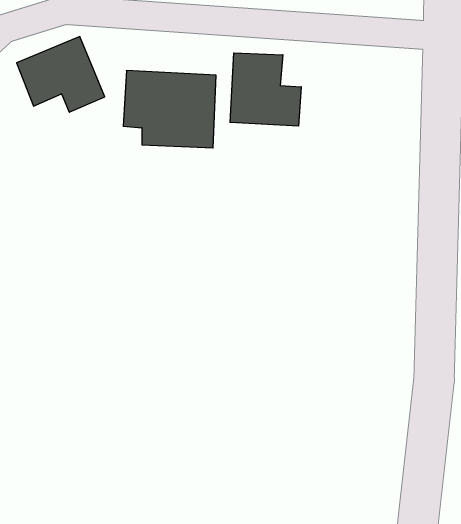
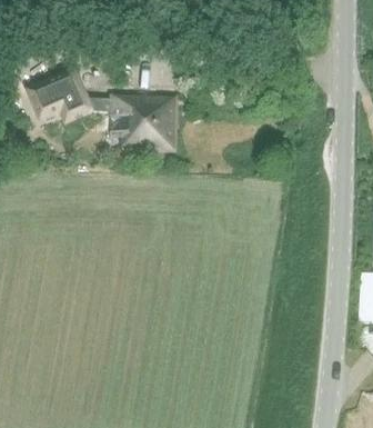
building: [230,53,301,126] -> none

